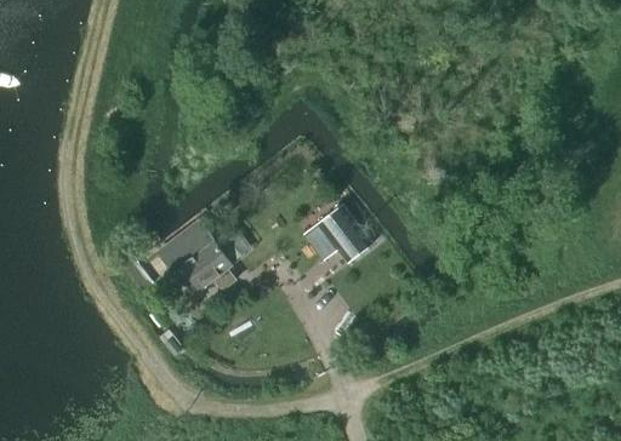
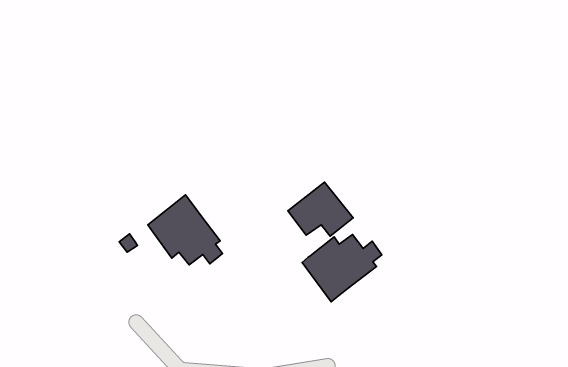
building: none -> [302,235,382,302]

